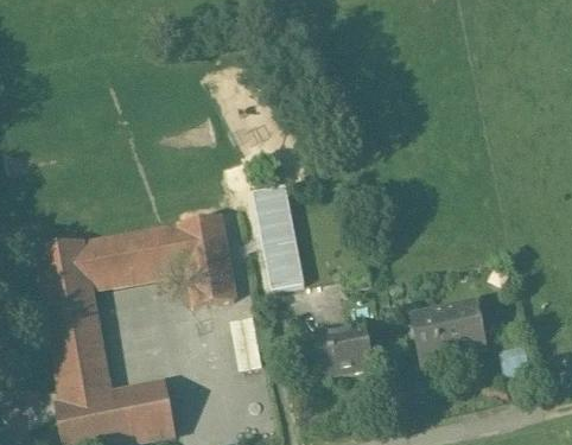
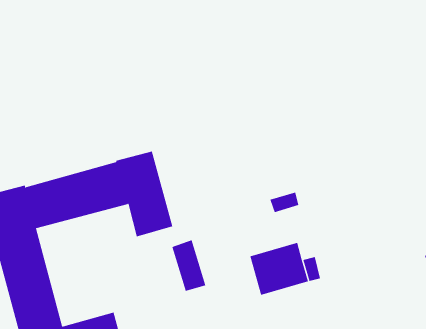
building: [255,182,304,287] -> none
building: [411,300,487,365] -> none

